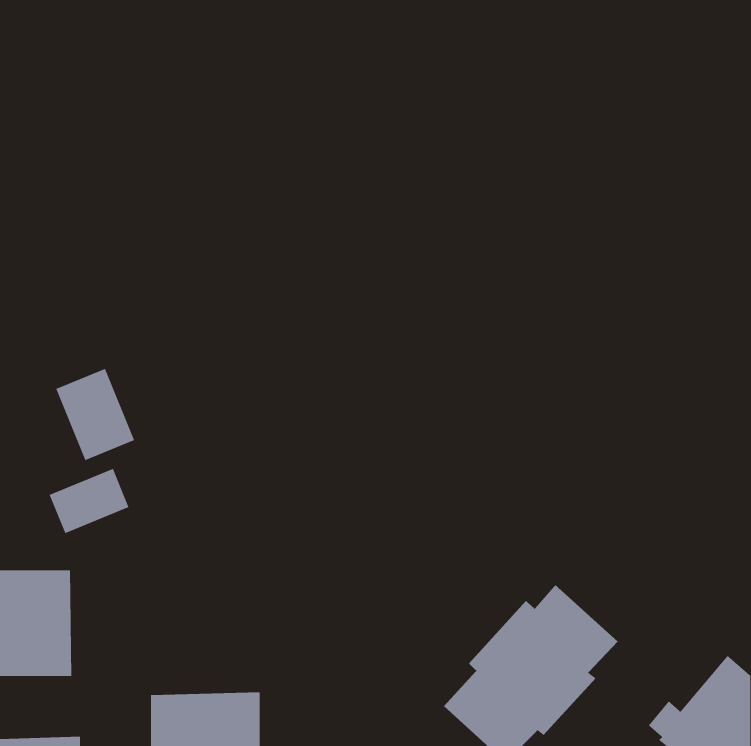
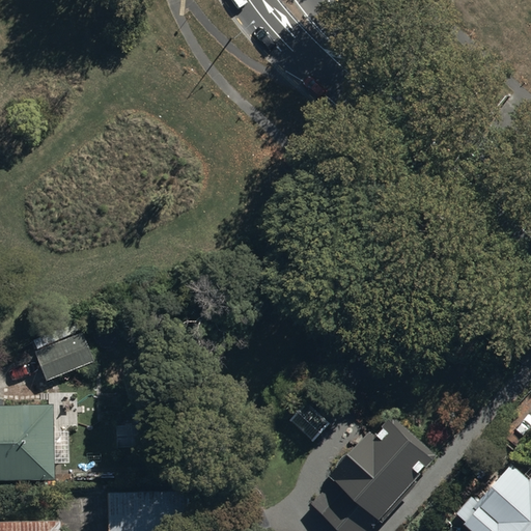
building: [55,368,135,461] -> none

